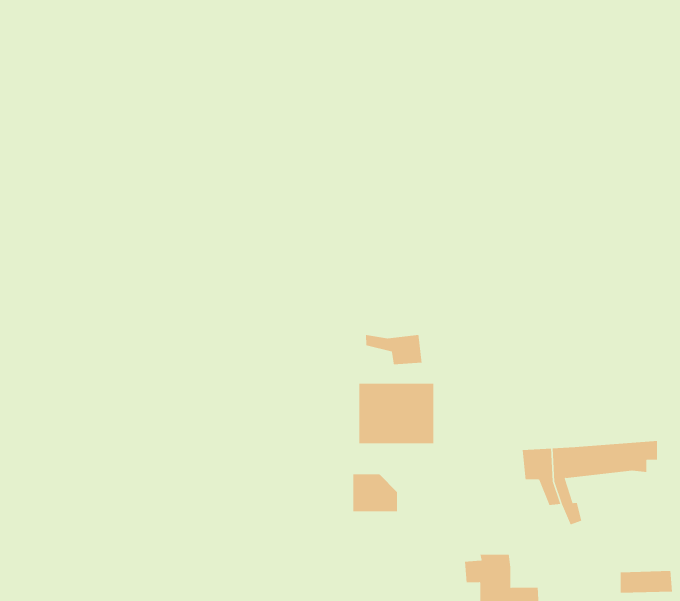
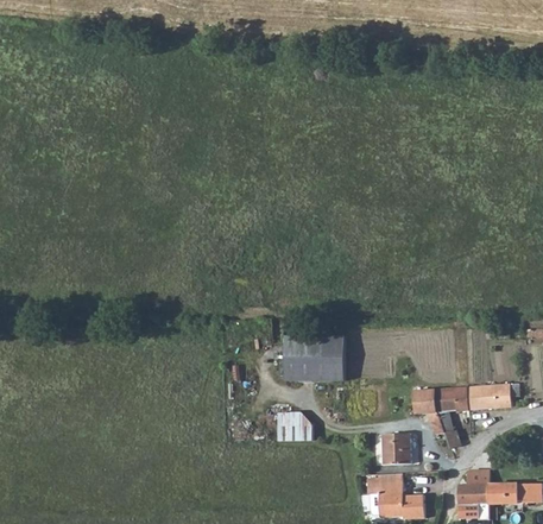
building: [365,334,422,365] -> none
building: none -> [384,431,411,462]
building: none -> [457,473,490,503]

